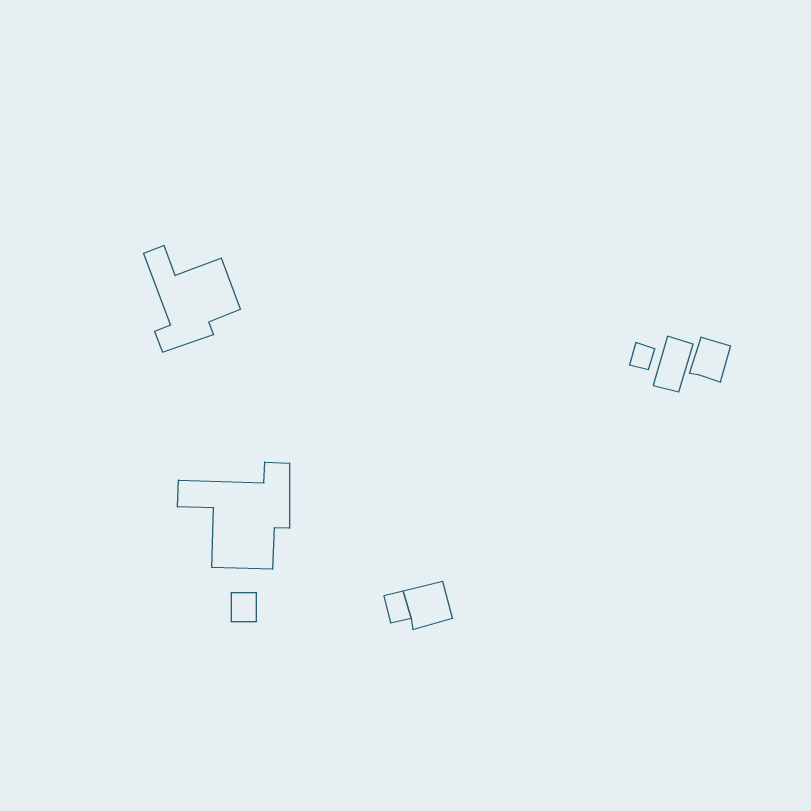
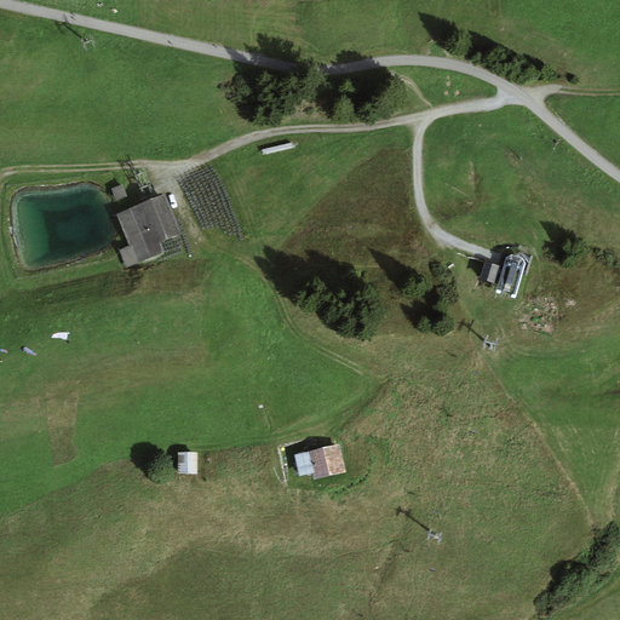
building: [690,337,730,382] -> none
building: [178,462,289,569] -> none

